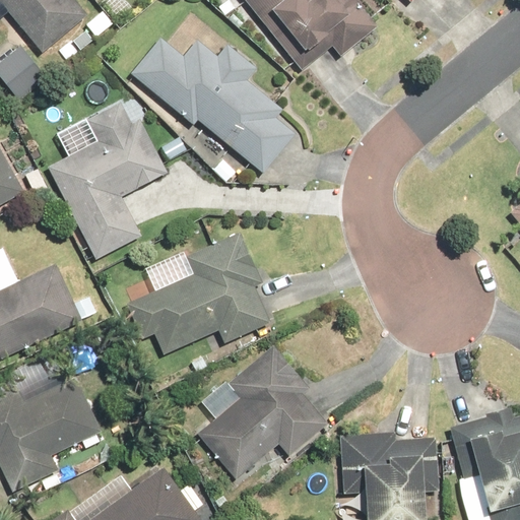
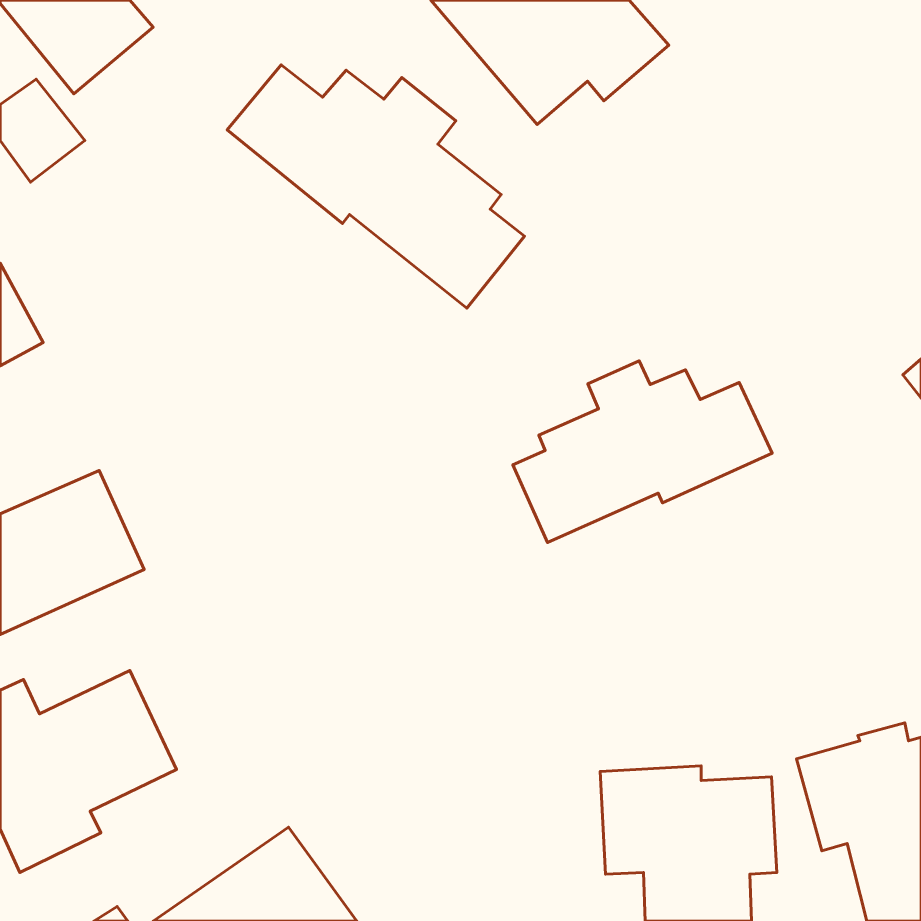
building: [46,103,167,259] -> none
building: none -> [513,361,772,542]
building: [127,233,270,355] -> none
building: [196,345,327,479] -> none

